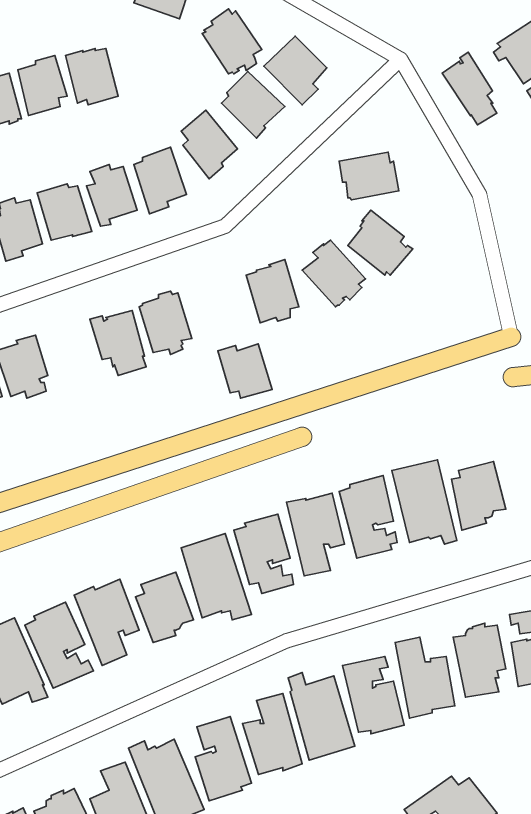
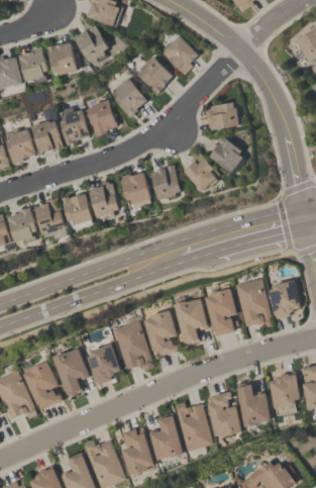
building: [202,9,262,74] -> [74,24,108,62]
building: [442,52,497,125] -> none
building: none -> [34,197,65,234]
building: [218,344,272,398] -> [119,172,150,203]

